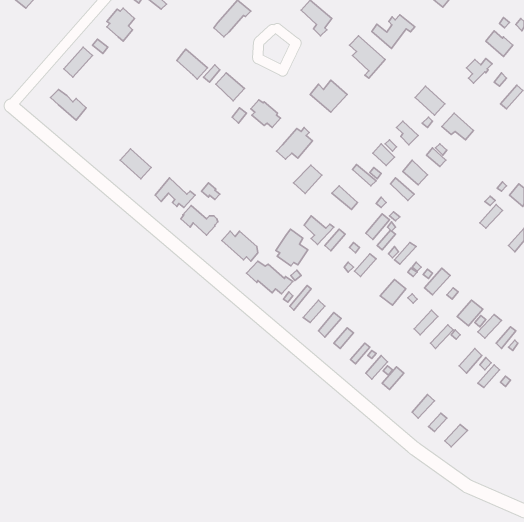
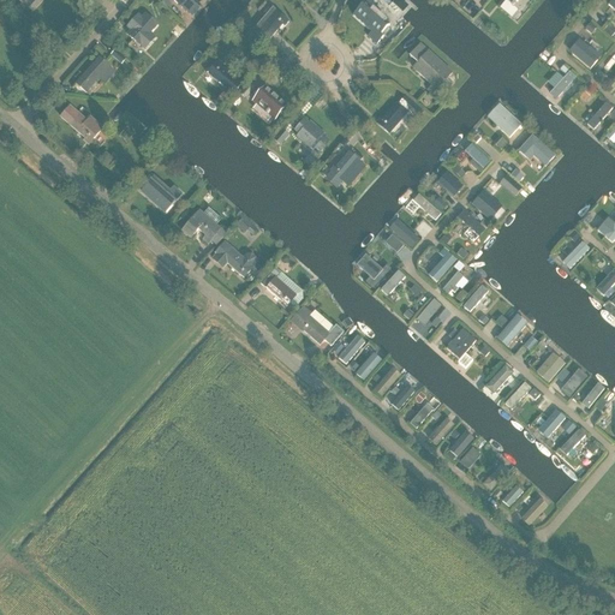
building: [372,15,415,49] -> none
building: [293,165,322,194] -> none
building: [276,229,308,266] -> none

